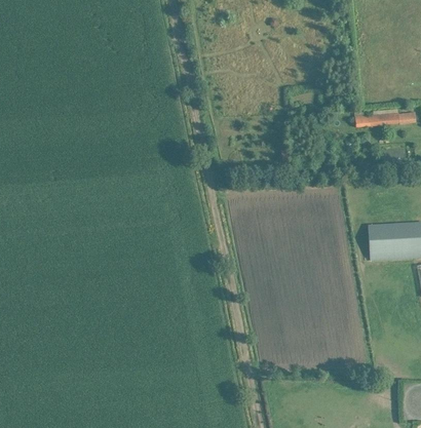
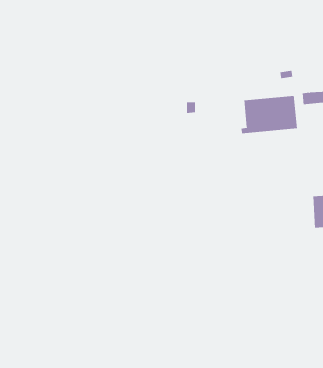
building: none -> [241,95,298,134]

